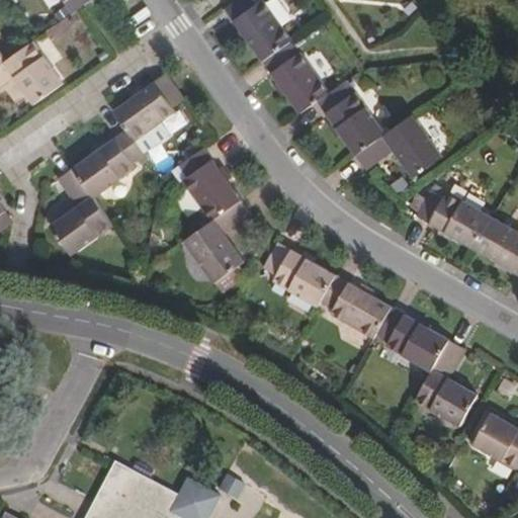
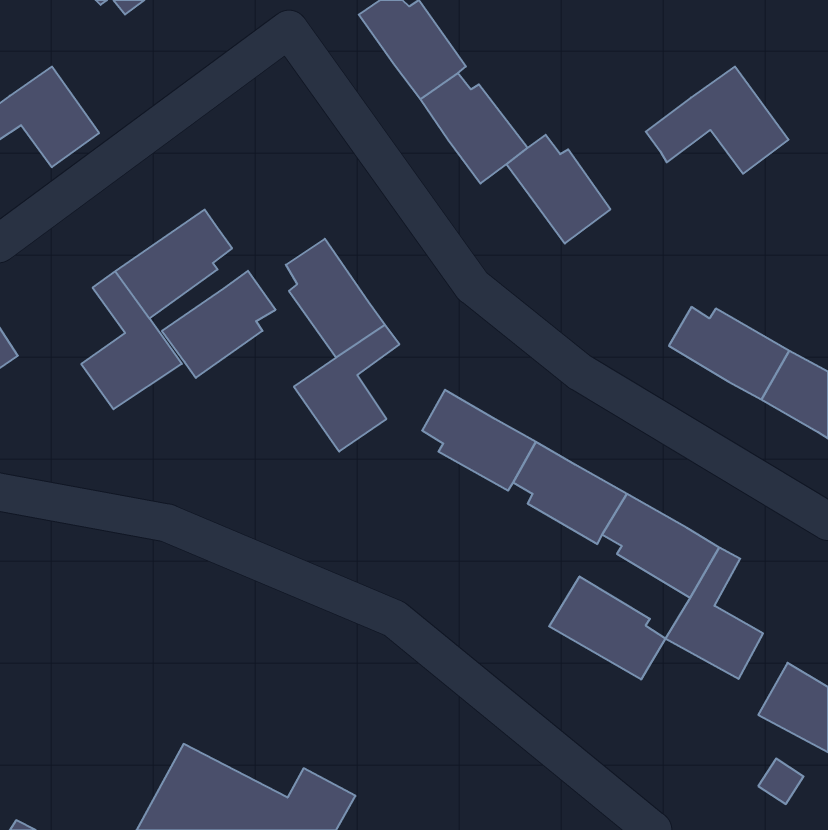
building: [113,74,184,141] -> [162,271,276,378]
building: [352,111,441,178] -> [646,67,789,174]
building: none -> [549,576,666,680]

